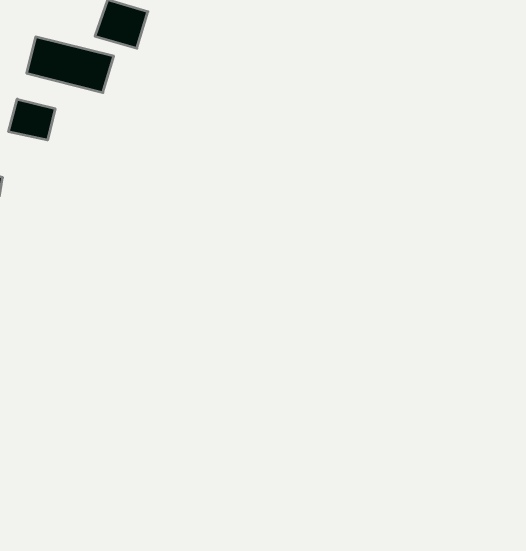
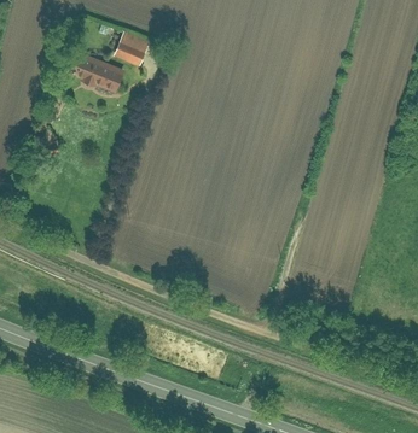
building: [9,99,55,140] -> none

